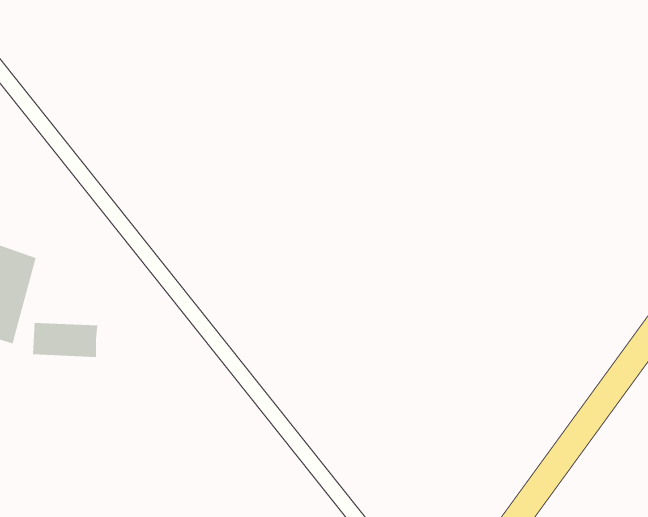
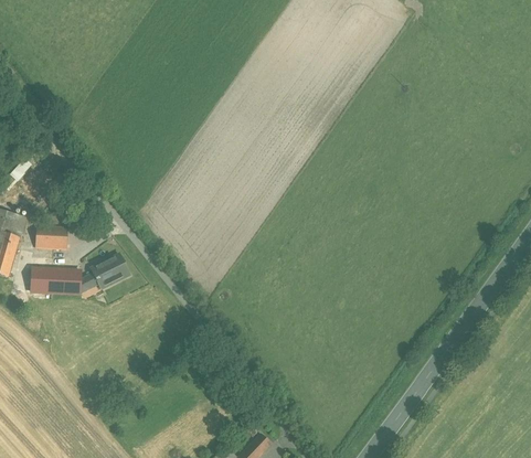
building: none -> [33,225,68,248]
building: none -> [77,253,127,292]

